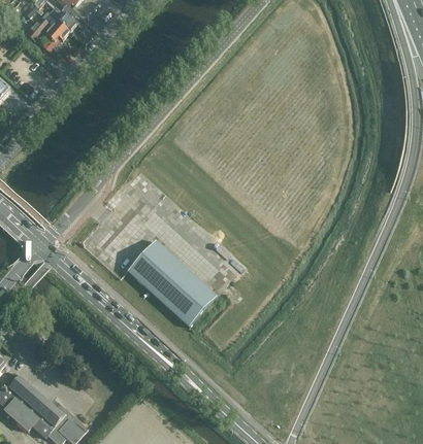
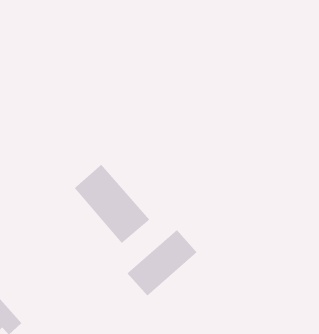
building: none -> [126,229,197,297]

